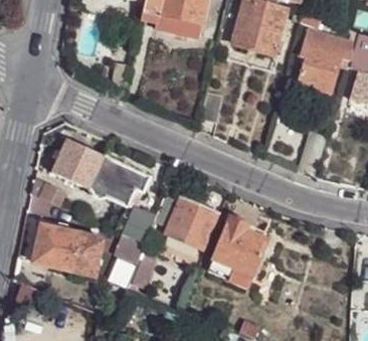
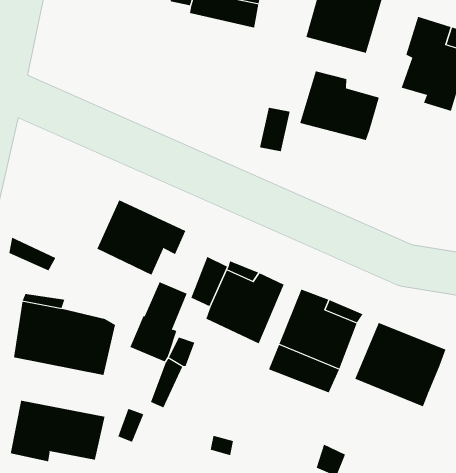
building: none -> [300,70,379,141]
building: [53,136,107,187] -> none
building: none -> [354,322,446,407]
building: none -> [10,400,105,462]

